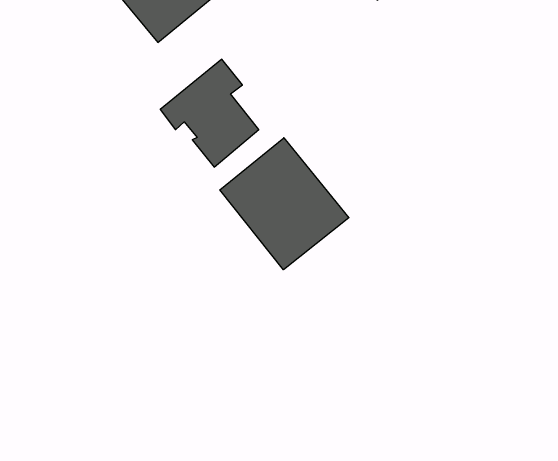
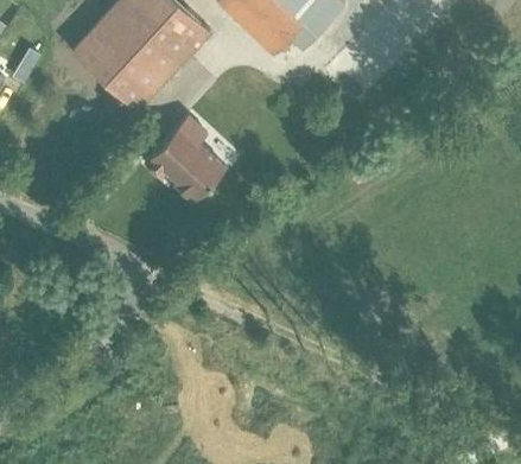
building: [220,138,349,270] -> none

